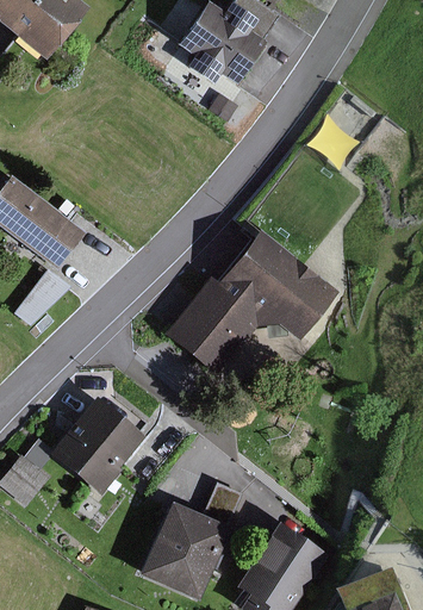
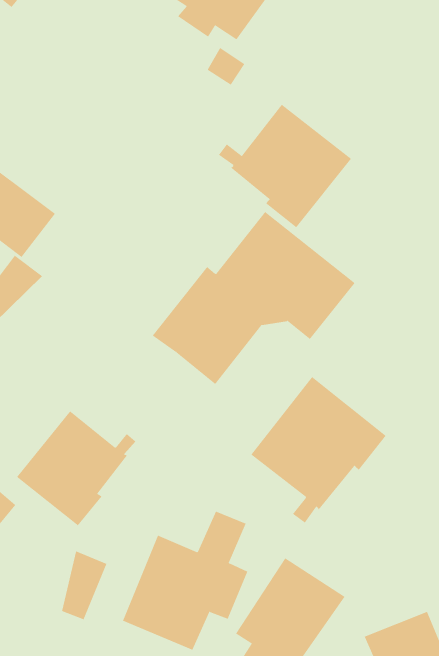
building: none -> [218,104,352,228]
building: none -> [251,376,387,524]
building: none -> [61,550,107,620]

